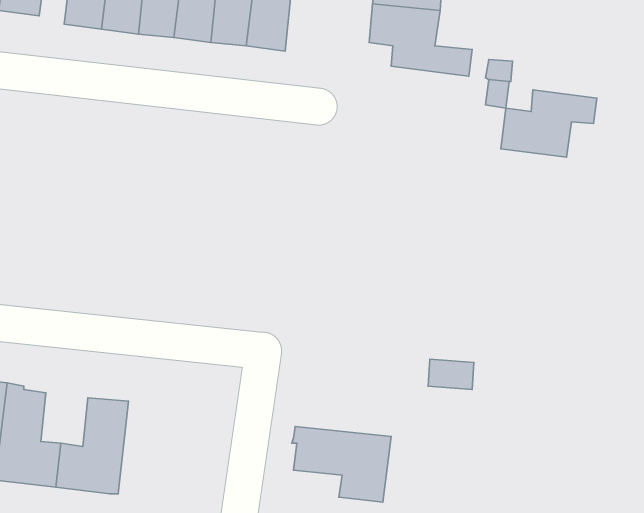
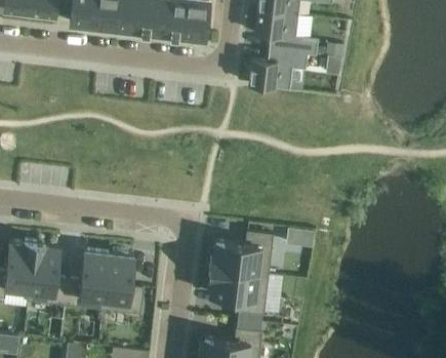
building: [501,90,597,157] -> [249,49,308,90]
building: none -> [210,232,273,275]
building: none -> [103,251,144,315]

